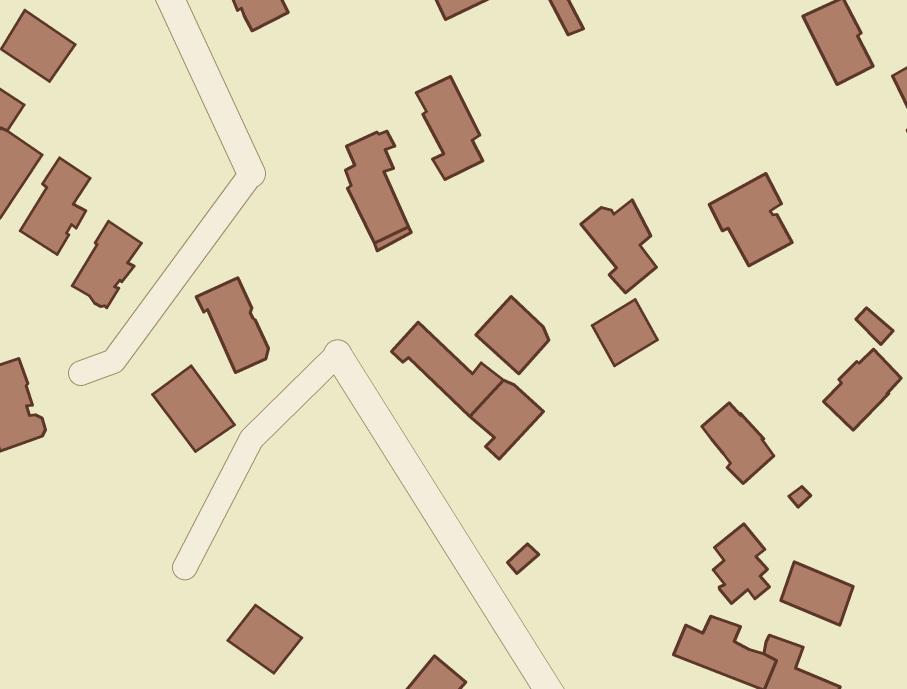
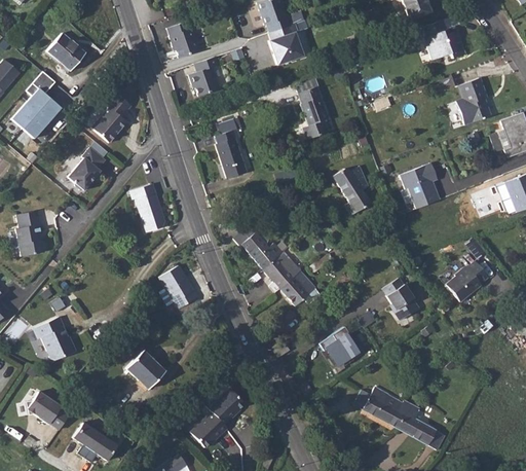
building: none -> [187,55,220,96]
building: [416,77,483,180] -> [298,86,328,139]
building: [20,158,90,254] -> [92,93,132,142]
building: [476,296,549,374] -> [281,270,318,311]
building: [592,300,658,366] -> none
building: [152,366,234,452] -> [159,267,199,312]
building: [713,524,770,604] -> [325,326,352,366]
building: none -> [35,317,77,361]
building: [781,562,853,625] -> none

